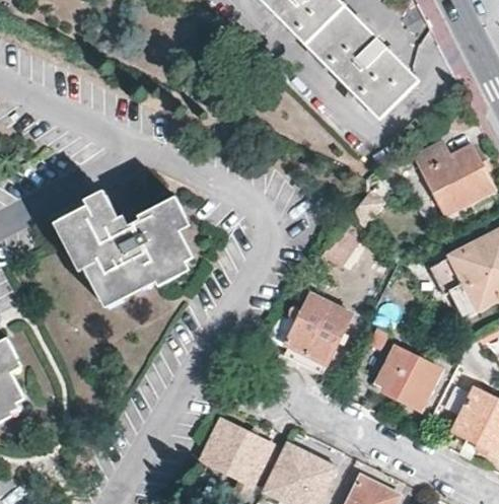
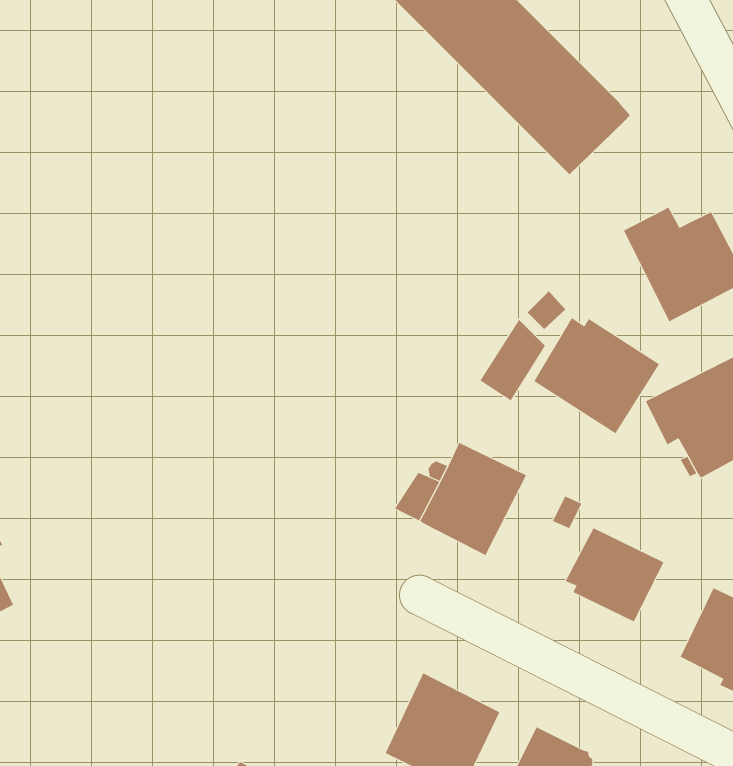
building: [61,196,191,300] -> none
building: none -> [534,317,660,434]
building: [201,418,271,485] -> none

